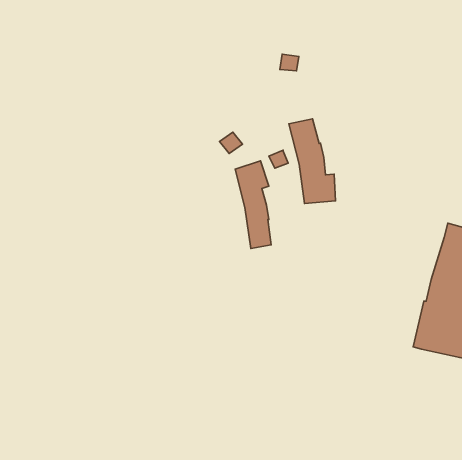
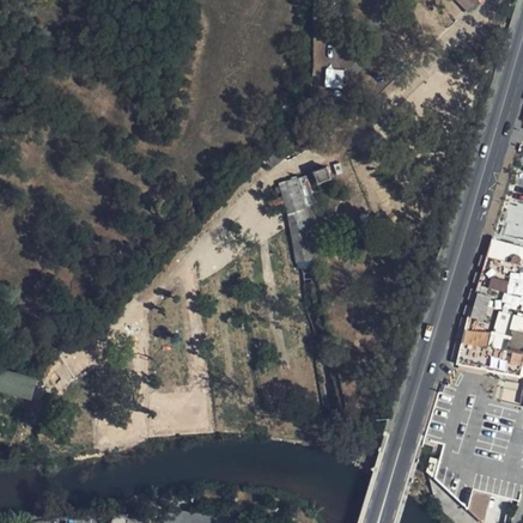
building: [289,119,335,203] -> none

